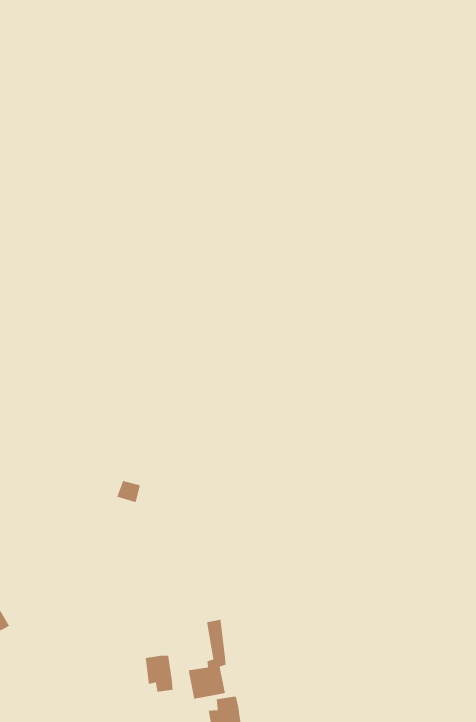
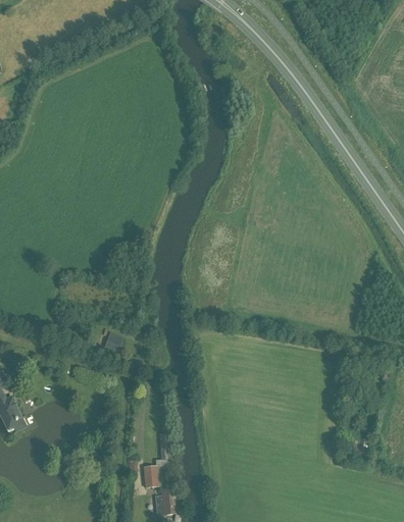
building: [145,655,173,693] -> none

